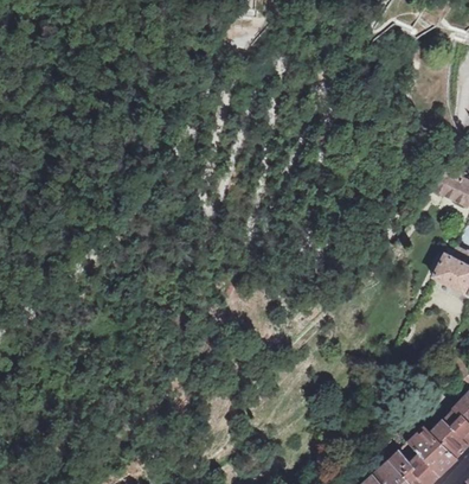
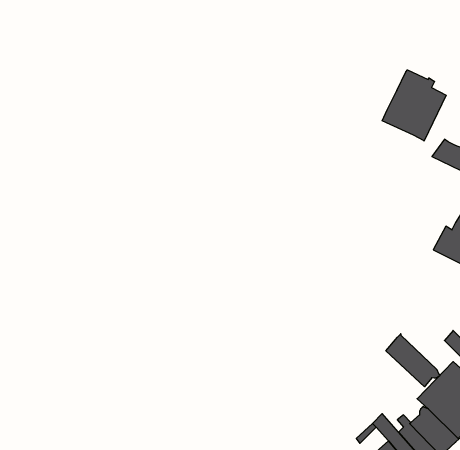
building: none -> [382,70,446,141]
building: none -> [386,334,440,387]

